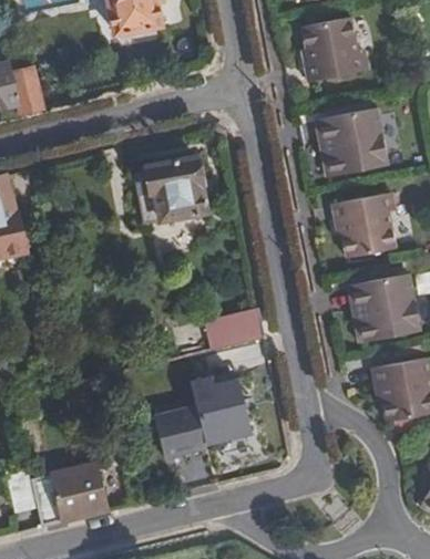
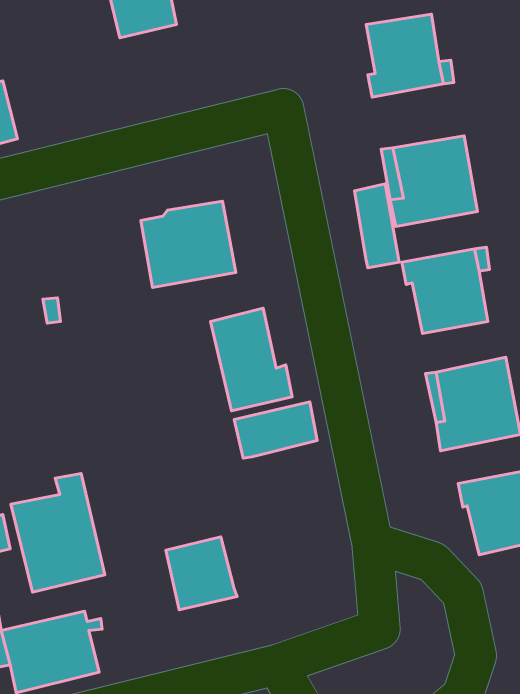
building: none -> [355,184,399,268]
building: none -> [211,308,292,411]
building: none -> [11,474,105,592]
building: [190,377,250,445] -> none

